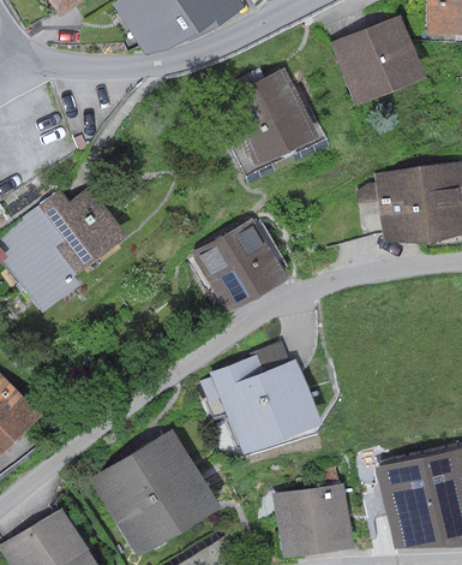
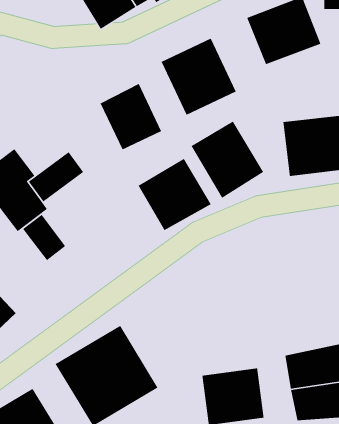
building: none -> [100,83,162,150]
building: none -> [191,121,264,199]
building: [38,188,107,242] -> none
building: none -> [22,214,66,261]
building: [202,353,322,454] -> none

